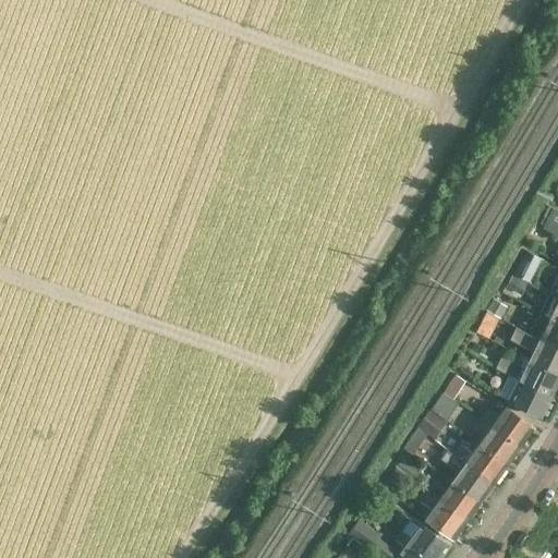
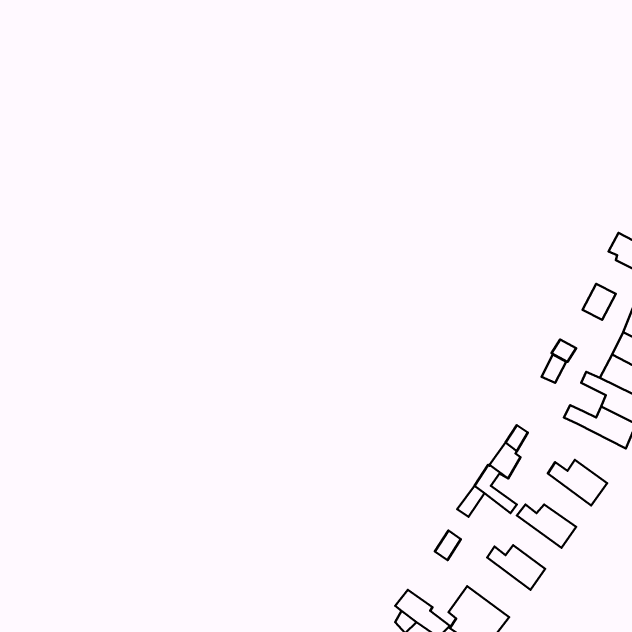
building: [498,374,551,416] -> none
building: [475,417,521,464] -> none
building: [441,450,495,501] -> none
building: [423,492,468,538] -> none

